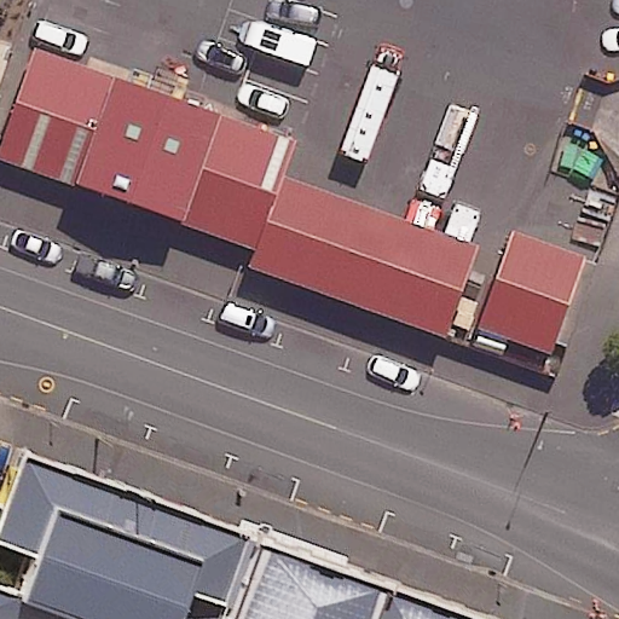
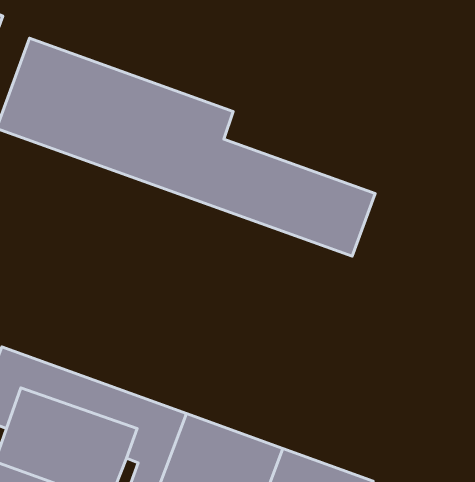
building: [473,230,584,354] -> none

